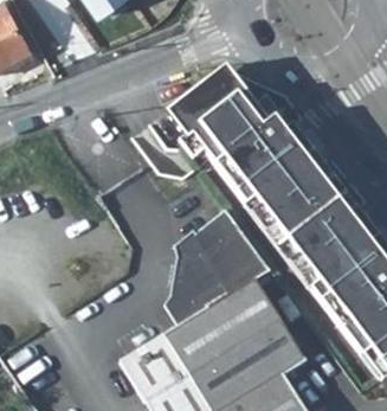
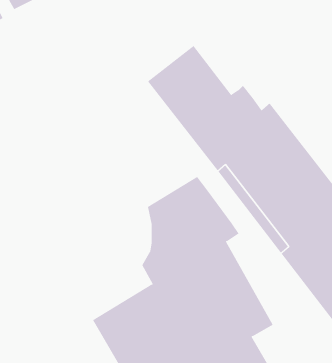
building: [173,69,270,130] -> none

